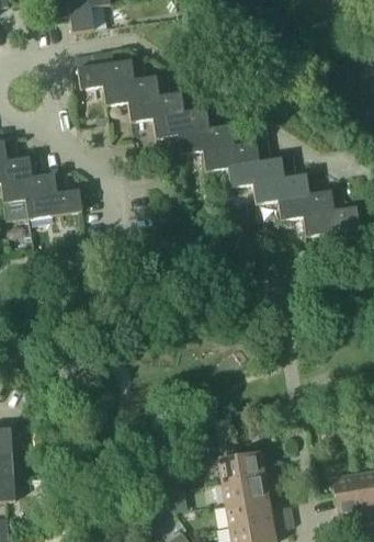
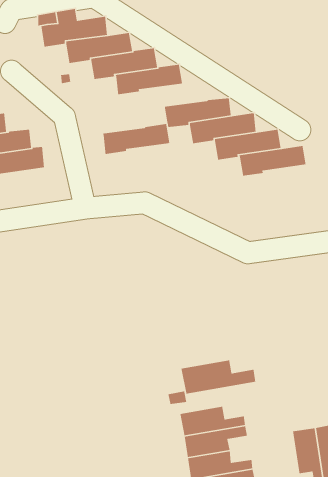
building: [175,123,245,155] -> [102,123,170,155]
building: [301,207,358,237] -> none
building: none -> [180,360,256,395]

